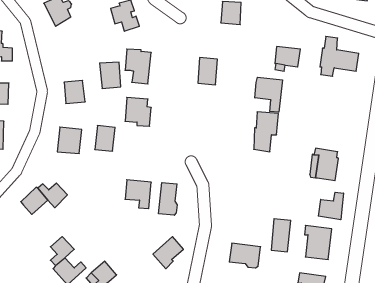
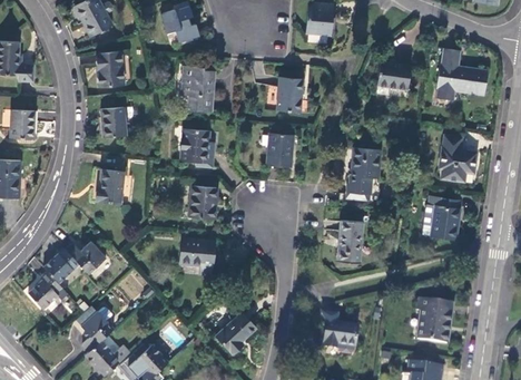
building: [100,62,121,88] -> [96,52,124,87]
building: [255,77,282,112] -> none
building: none -> [267,134,293,166]
building: none -> [440,136,476,182]
building: [95,126,115,151] -> [190,186,217,220]
building: [159,183,177,215] -> none
building: [318,192,343,220] -> none
building: none -> [28,271,68,309]
building: [271,219,291,252] -> [338,220,364,263]

